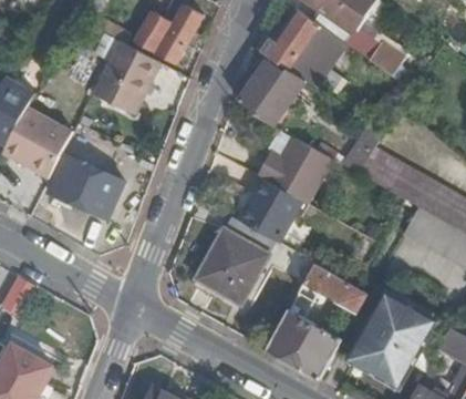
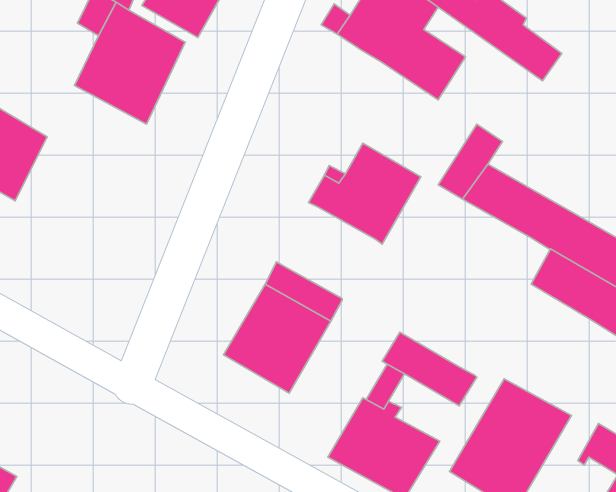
building: [242,61,300,122] -> none
building: [48,153,127,219] -> none
building: [234,177,297,241] -> none

